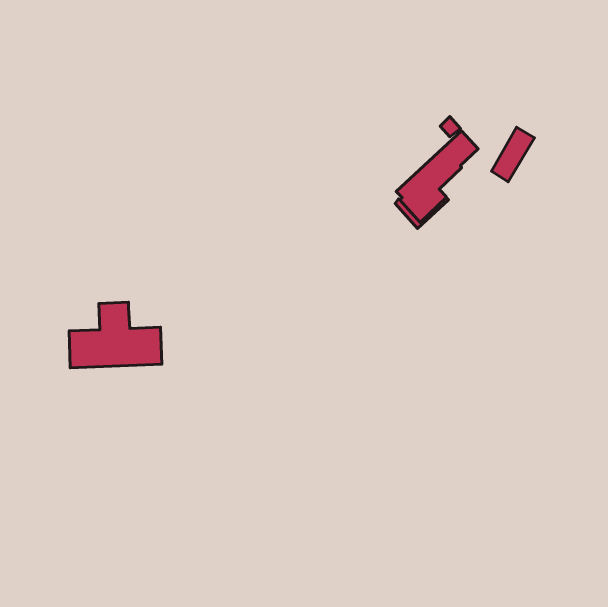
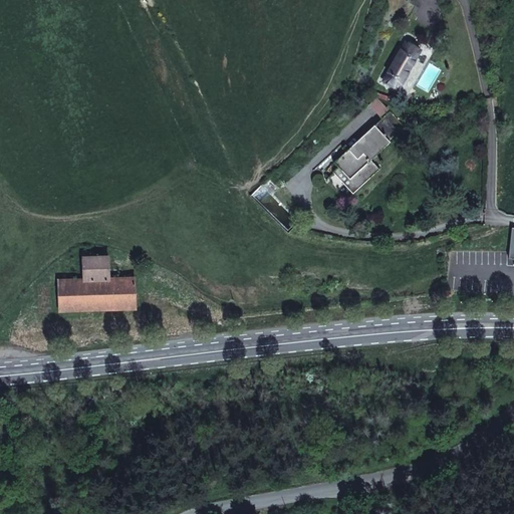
building: [492,127,534,182] -> [383,42,420,88]

